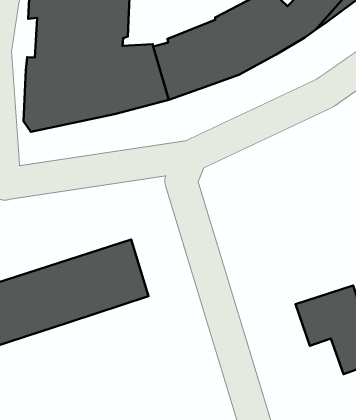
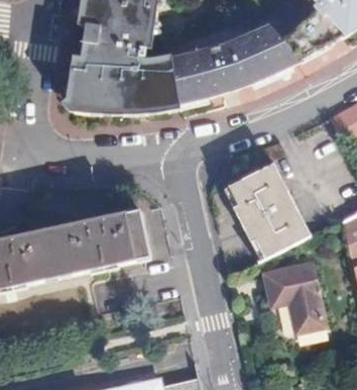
building: none -> [229,165,312,260]

